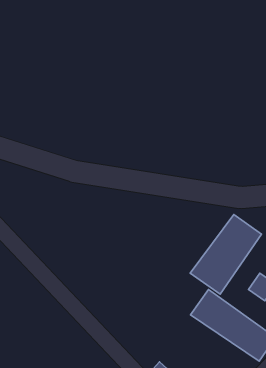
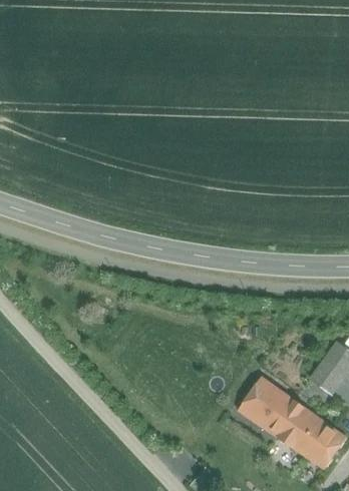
building: [190,215,261,294] -> none

